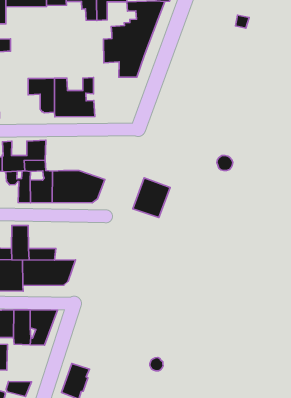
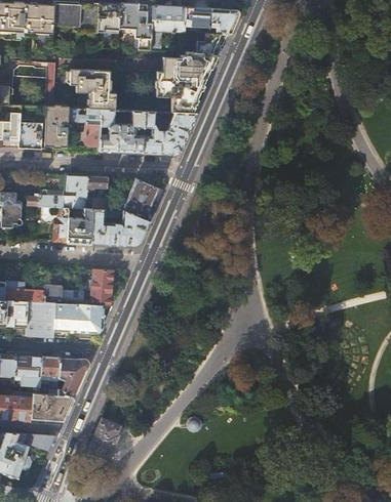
building: none -> [71,69,117,110]
building: none -> [142,111,195,154]
building: none -> [44,106,70,150]
building: none -> [85,175,107,209]
building: [133,178,170,218] -> [121,177,163,221]
building: none -> [89,268,116,306]
building: none -> [31,393,73,420]

